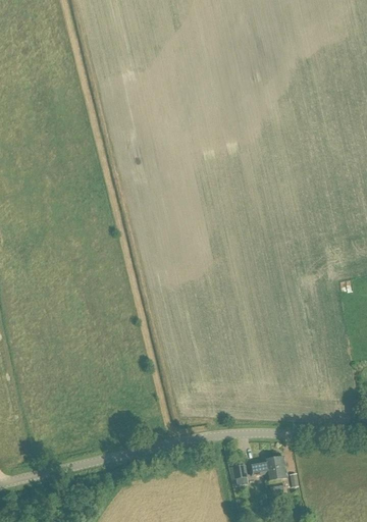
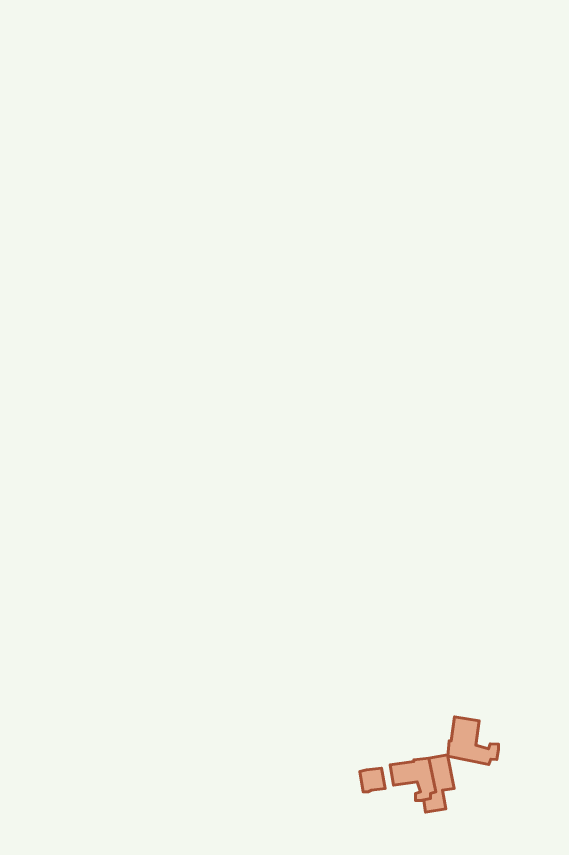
building: none -> [448,717,499,764]

